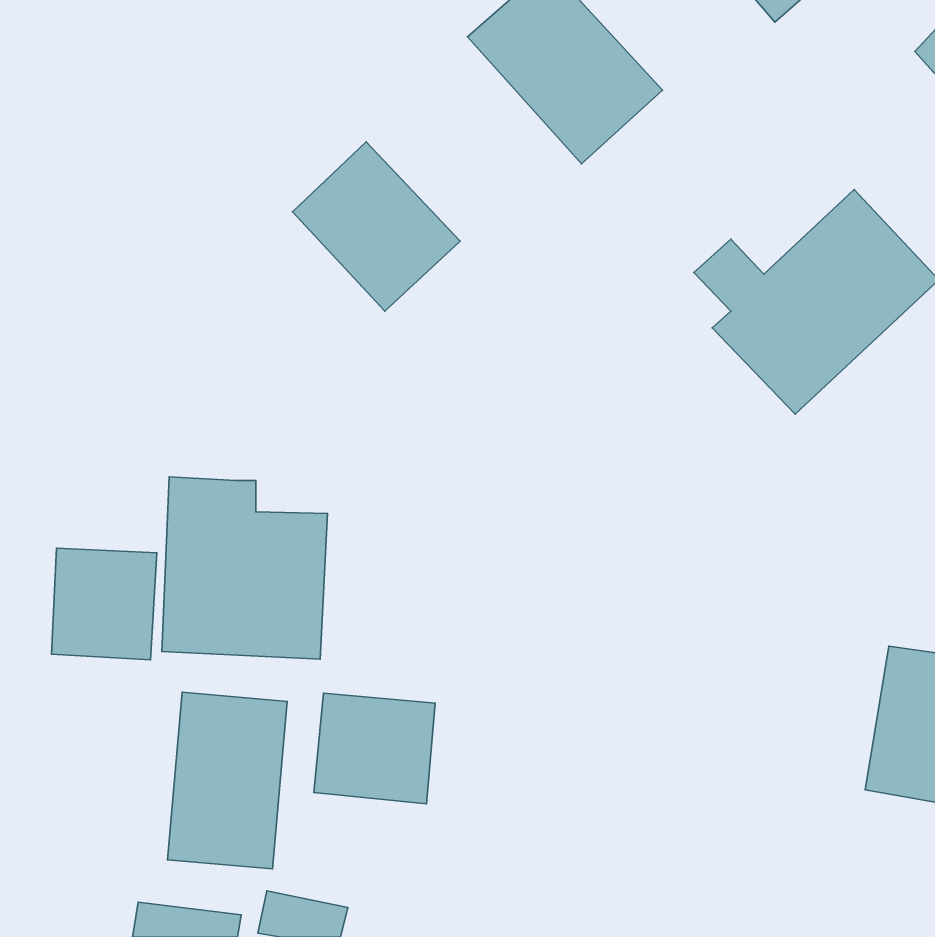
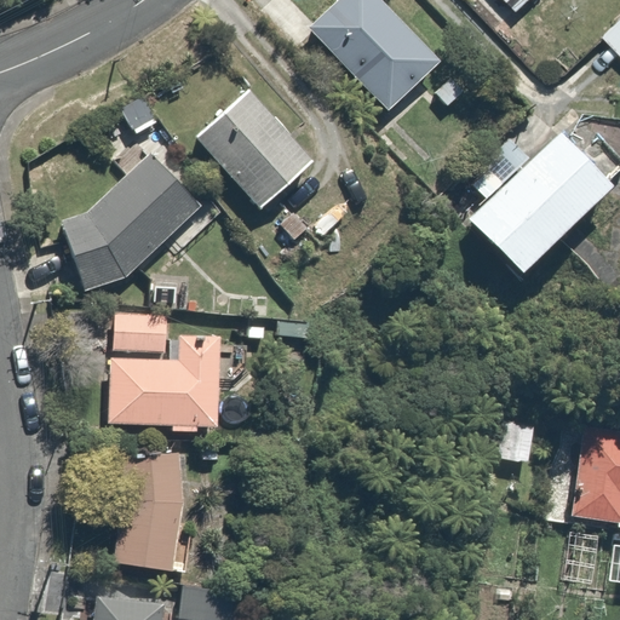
building: none -> [63,156,195,298]
building: [52,548,157,660] -> none
building: [314,693,435,804] -> none

